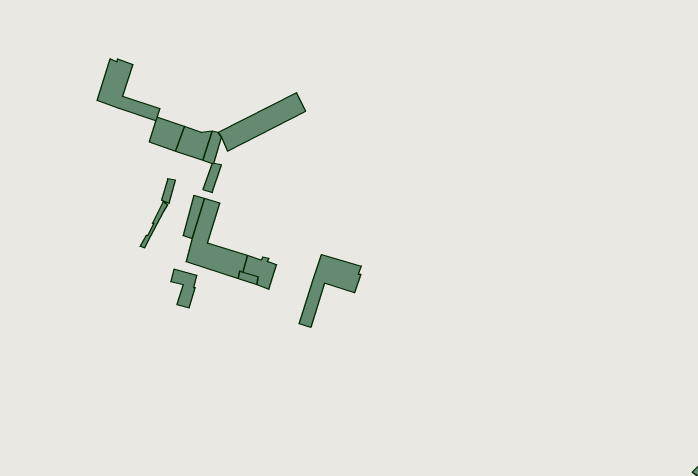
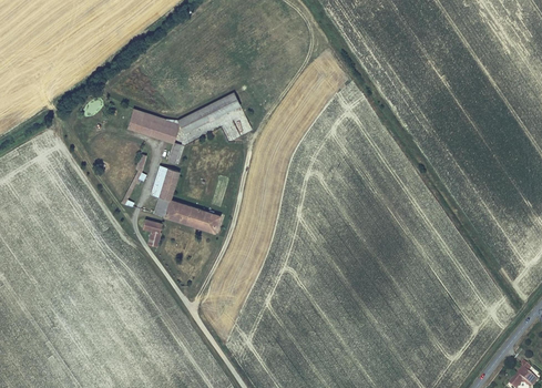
building: [97,59,160,121] -> none
building: [299,255,361,327] -> none

